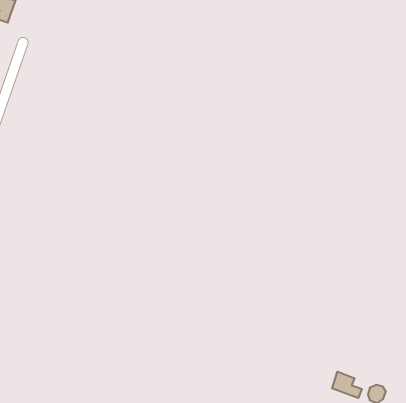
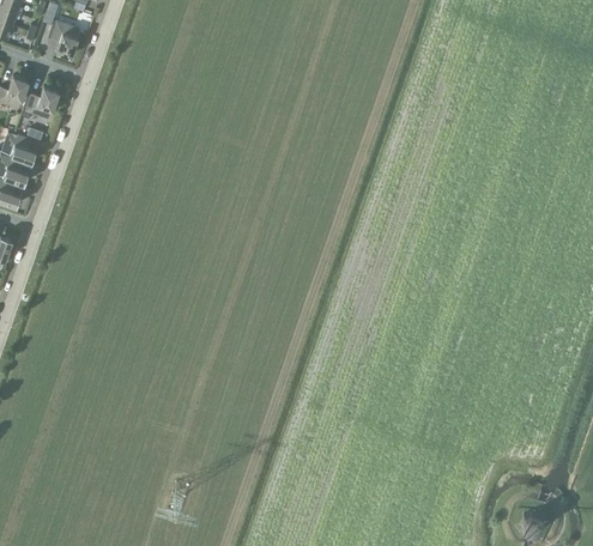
building: [332,372,362,398] -> none

